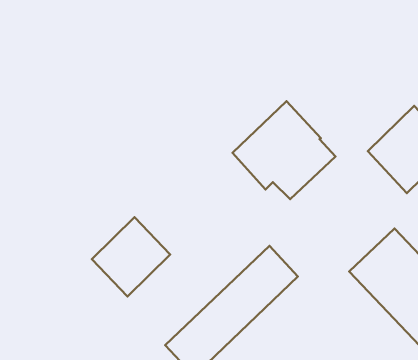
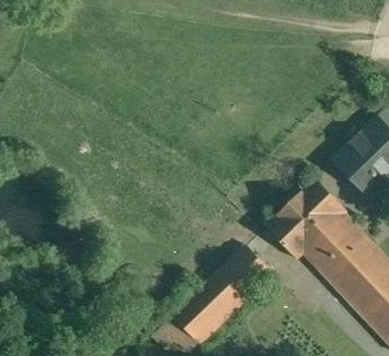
building: [233,101,336,199] -> [266,179,359,268]
building: [92,217,170,297] -> none

